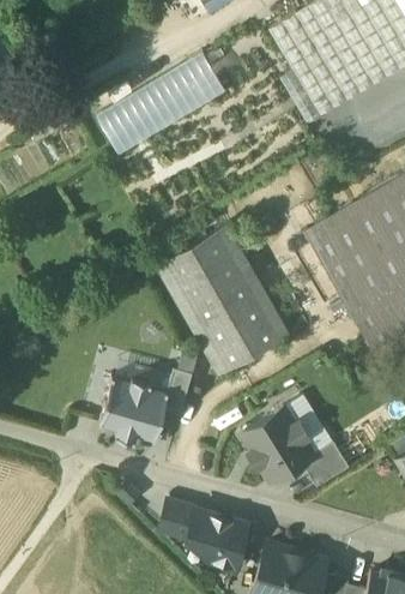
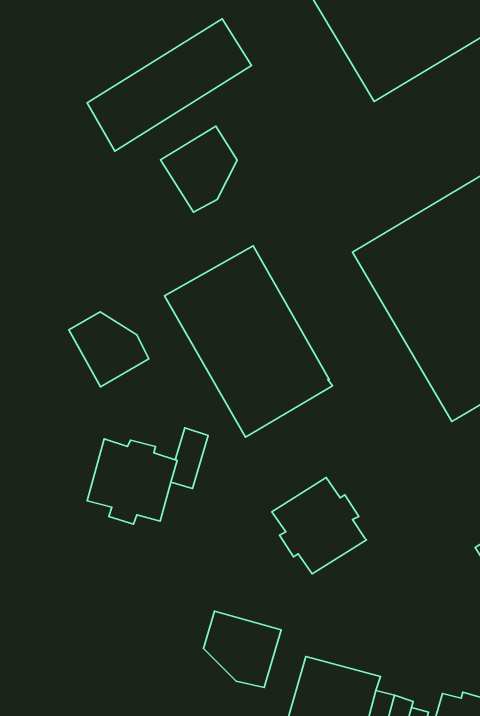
building: none -> [161,126,237,212]
building: none -> [69,312,149,387]
building: [302,440,350,486] -> none
building: [161,500,197,538] -> none

